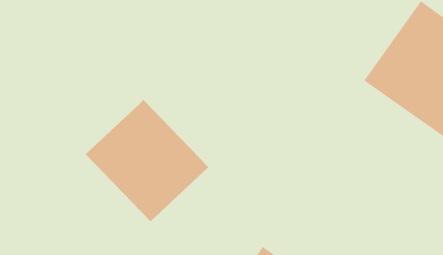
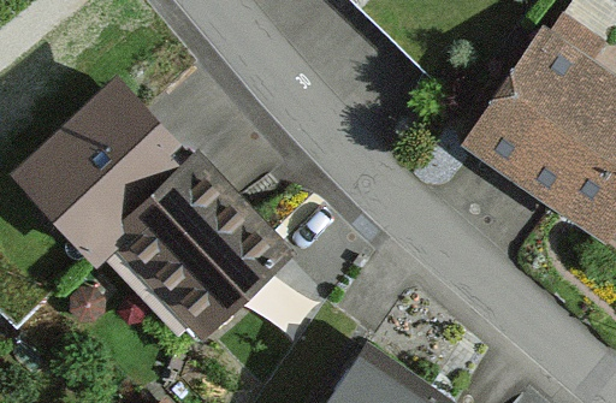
building: none -> [22,89,190,256]

